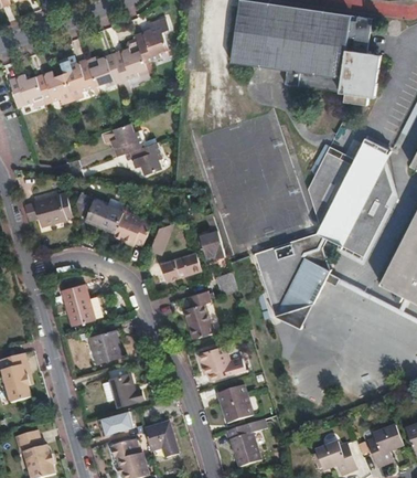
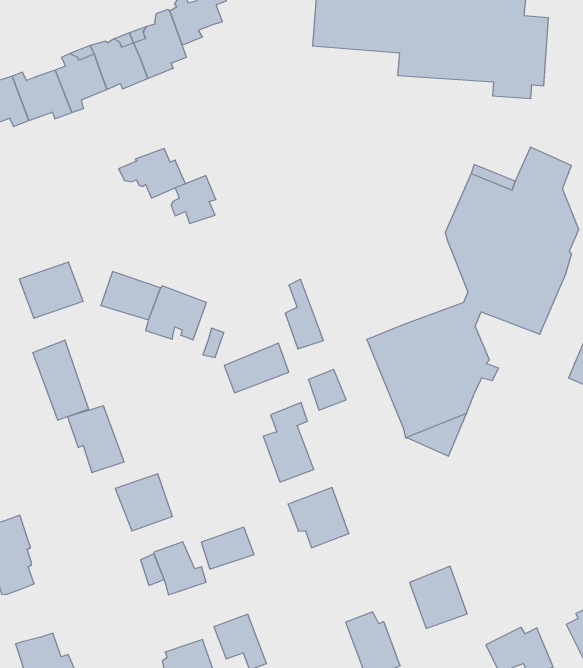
building: none -> [33,340,88,420]
building: [217,385,253,424] -> [410,566,467,628]
building: [104,408,137,434] -> [201,527,254,569]

